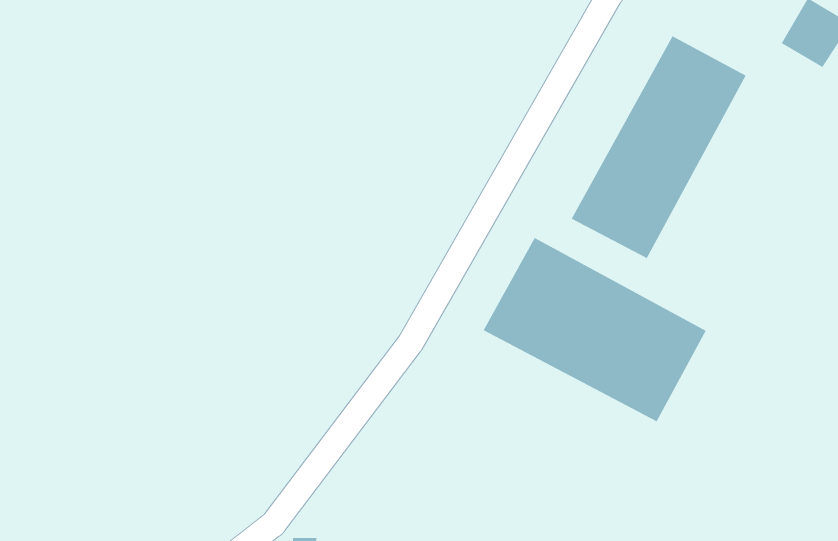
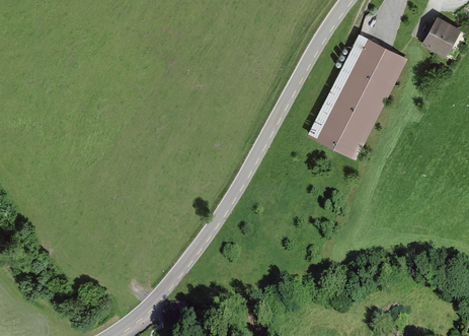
building: [483,237,707,422] -> none

